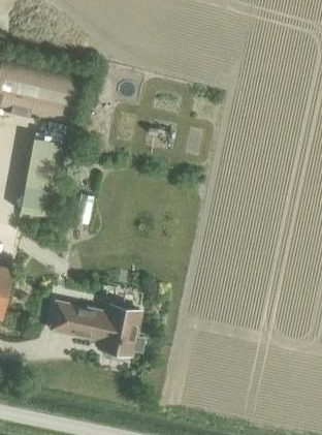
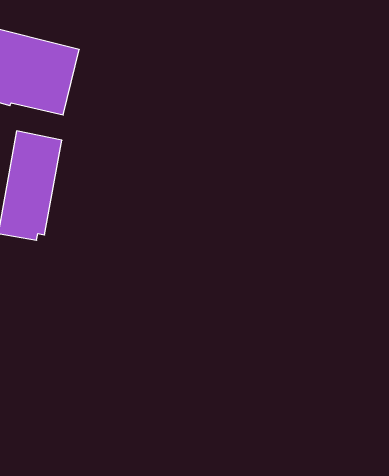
building: [50,302,142,354] -> none

